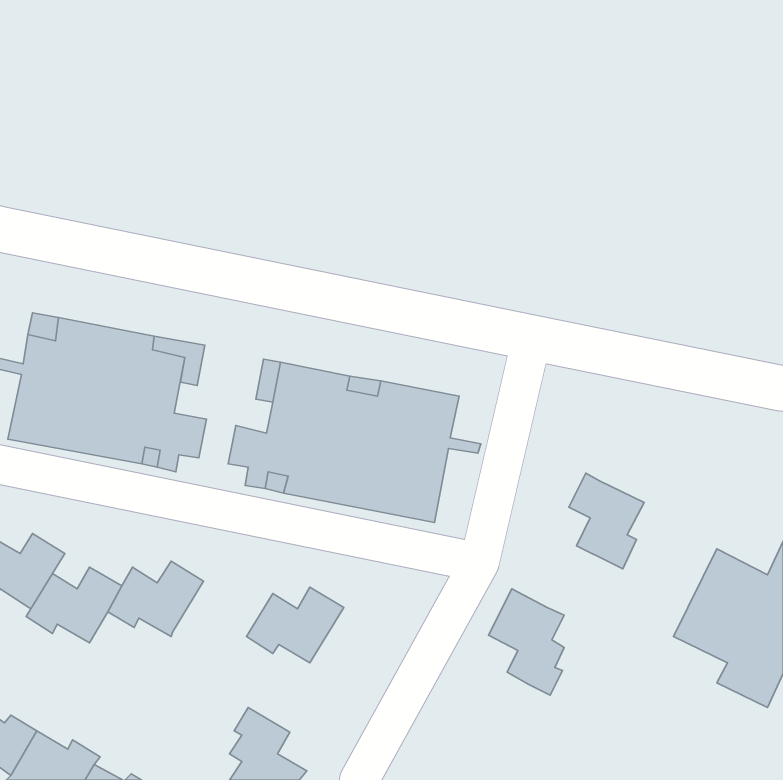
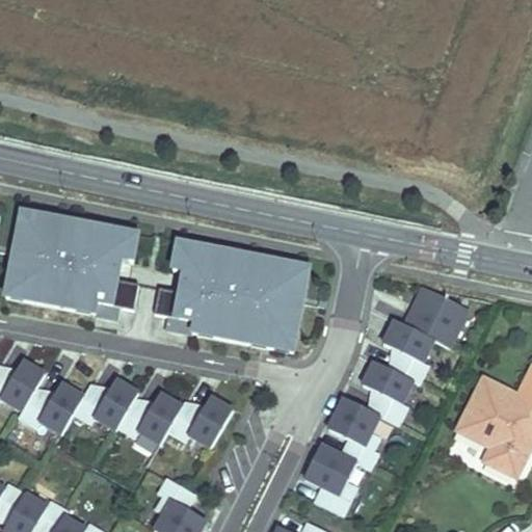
building: none -> [404,286,469,346]
building: none -> [363,361,414,424]
building: none -> [116,392,181,444]
building: none -> [304,444,357,515]

